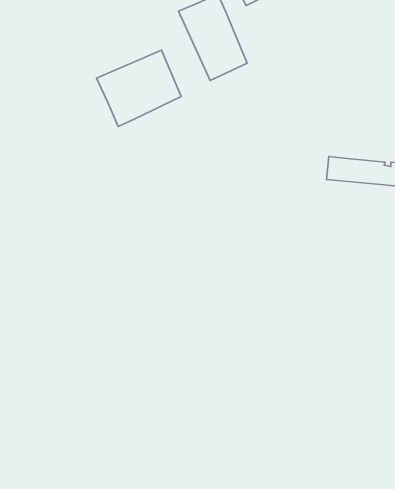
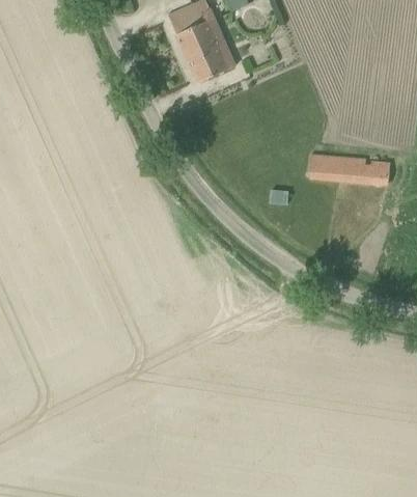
building: [97,50,181,126] -> none

